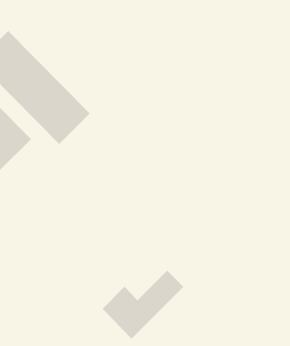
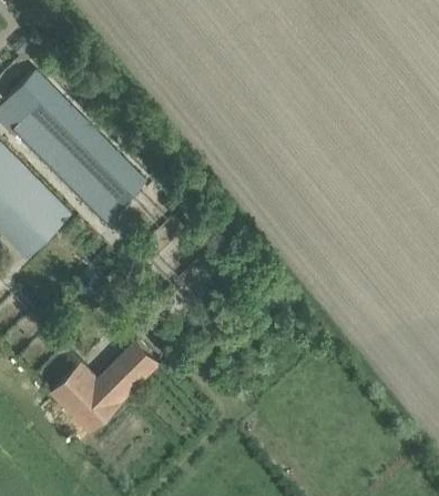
building: [102,270,184,340] -> [51,341,159,432]

